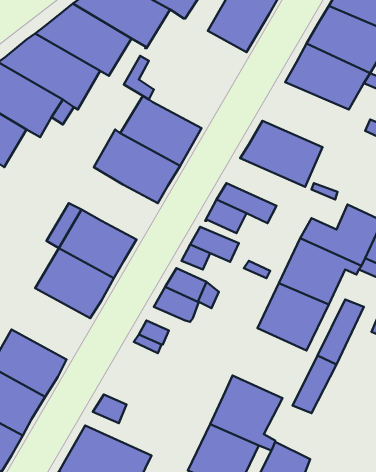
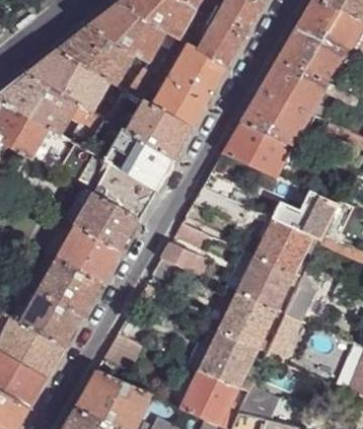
building: none -> [152,45,228,129]
building: none -> [241,91,311,145]
building: none -> [111,174,156,219]
building: none -> [38,259,101,316]
building: none -> [217,291,277,348]

